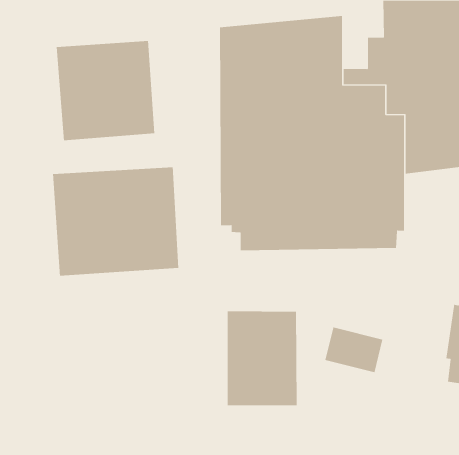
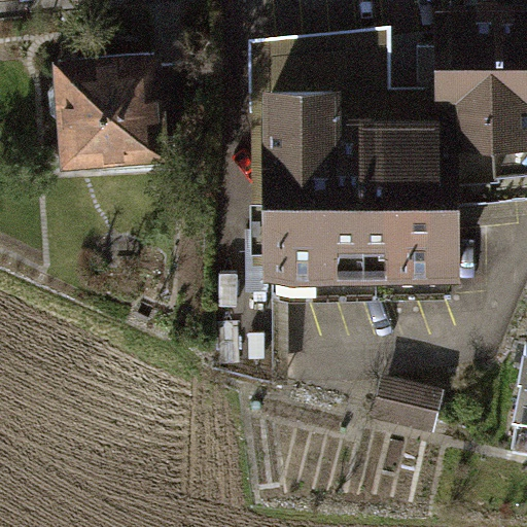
building: [53,166,179,276] -> none
building: [227,311,297,406] -> none

